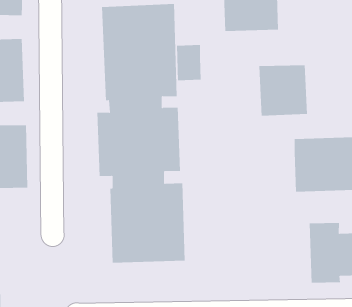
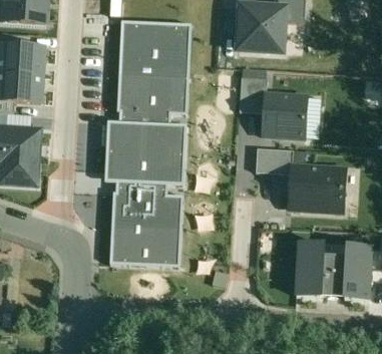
building: [176,45,202,81] -> [240,76,265,110]
building: none -> [257,146,291,172]

